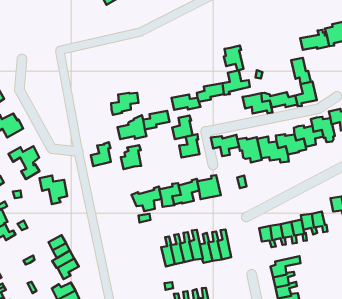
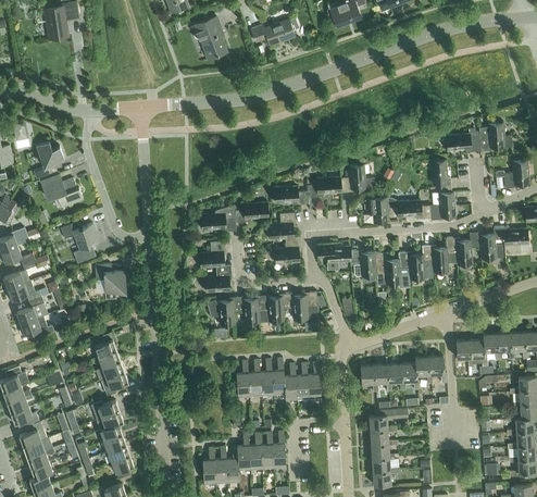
building: [224,45,243,71] -> none
building: [111,93,138,115] -> none
building: [91,142,111,166] -> [205,264,232,291]

